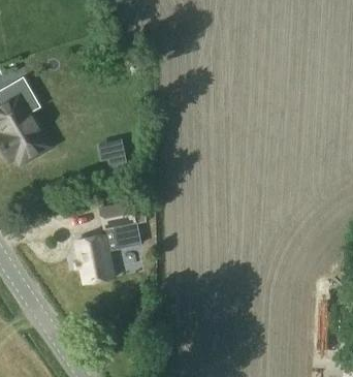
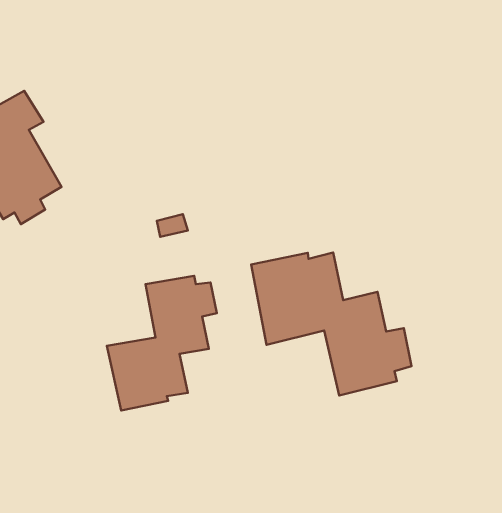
building: none -> [251,252,411,396]

